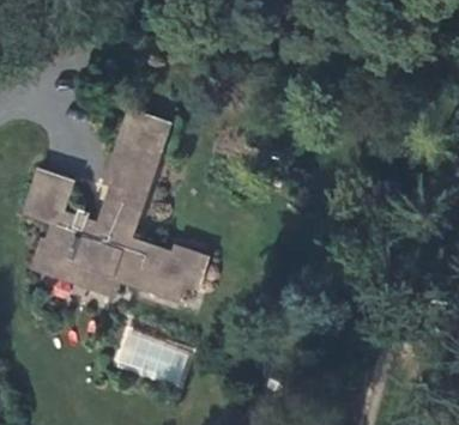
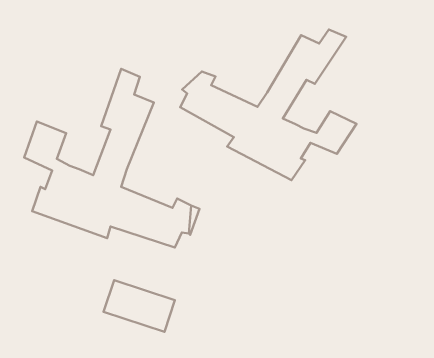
building: none -> [180,29,356,180]

